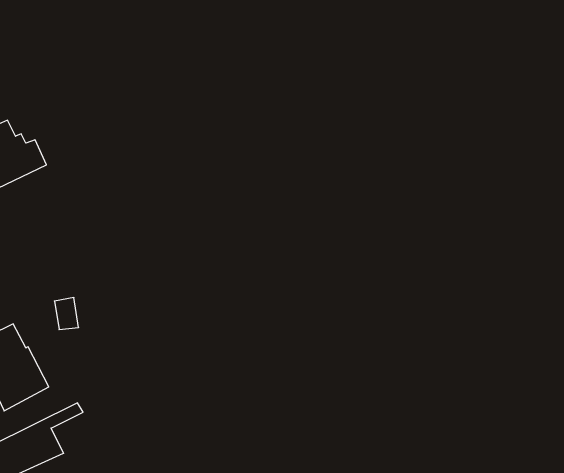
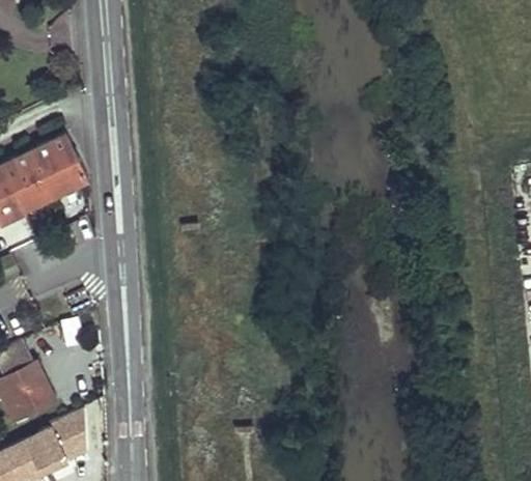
building: none -> [17,135,88,199]

